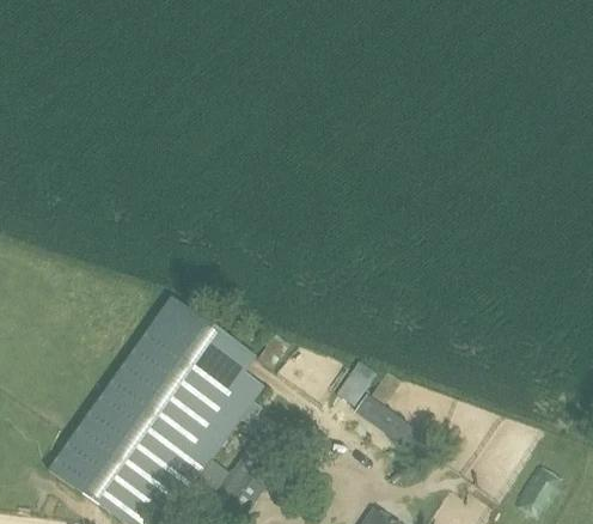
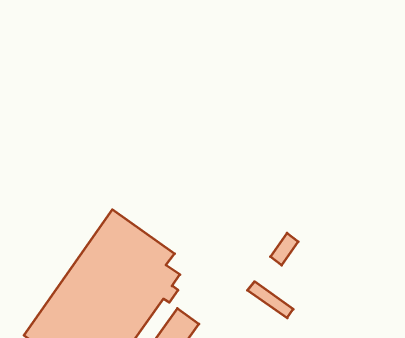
building: [338,362,377,407] -> [270,233,298,265]

